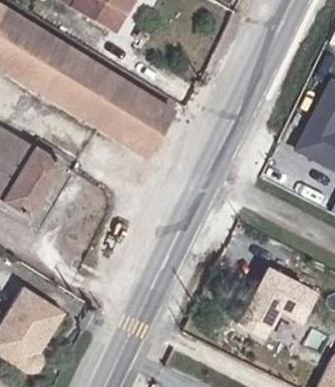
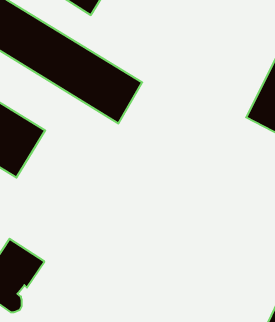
building: [235,263,322,344] -> none

